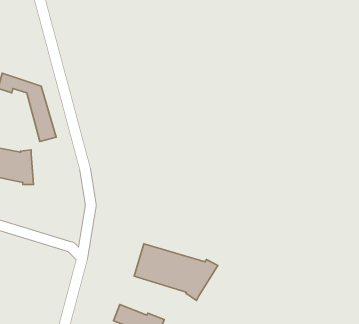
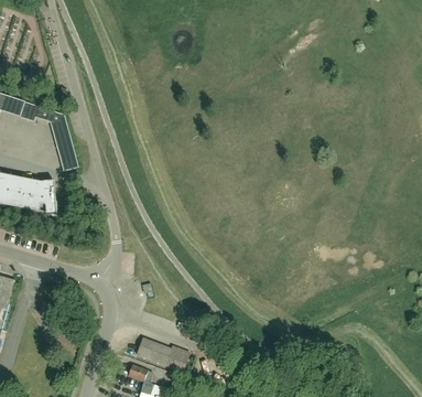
building: [134,244,218,300] -> none

